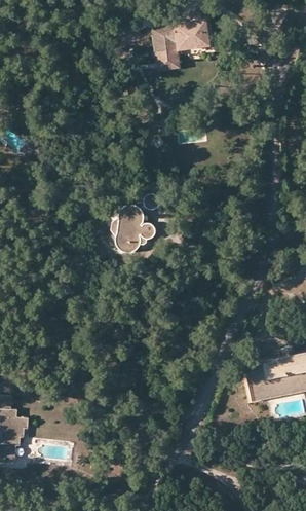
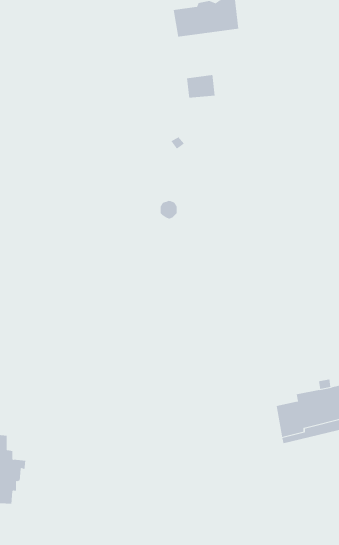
building: [158,48,184,69] -> [186,75,216,98]
building: [109,205,154,252] -> none

